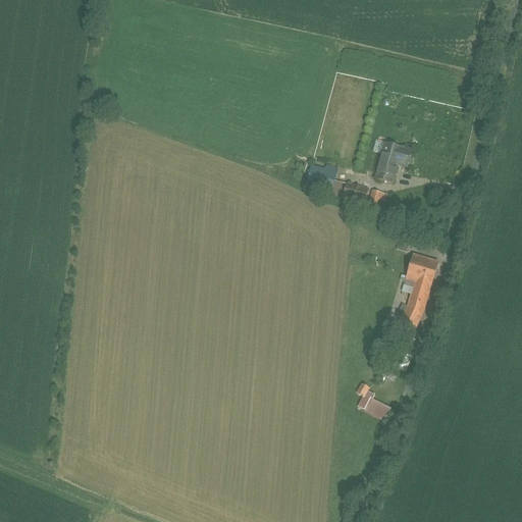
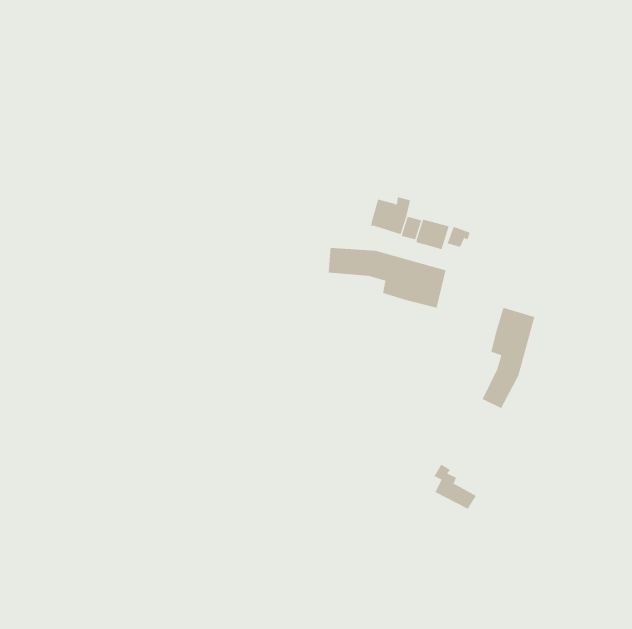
building: [374,139,411,179] -> none
building: none -> [328,247,446,309]

